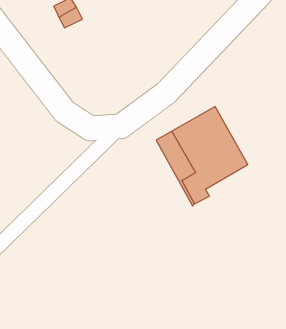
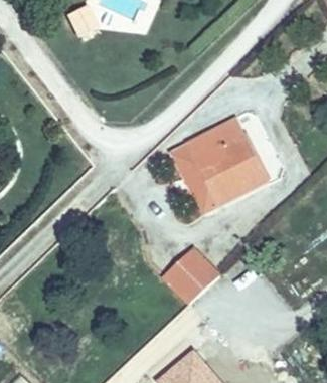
building: none -> [164,251,218,306]

